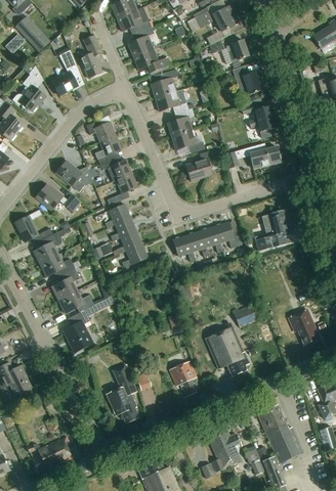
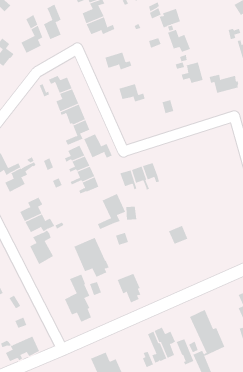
building: [151,71,178,99] -> none
building: [168,108,195,137] -> none
building: [244,144,281,168] -> [209,74,239,93]
building: [185,149,216,182] -> none
building: [56,160,94,185] -> none
building: [36,186,80,214] -> none
building: none -> [83,134,113,159]
building: [254,209,292,251] -> none
building: [214,222,242,248] -> none
building: [39,254,81,277] -> none
building: none -> [97,193,126,230]
building: [288,309,320,344] -> none
building: [206,328,250,377] -> [74,237,110,278]

